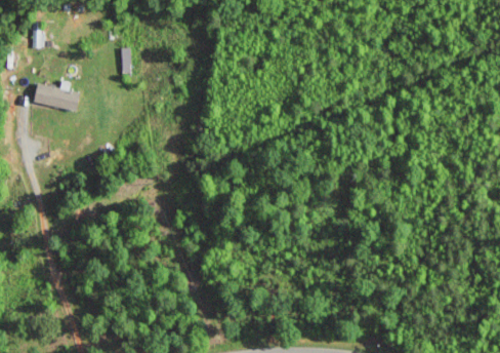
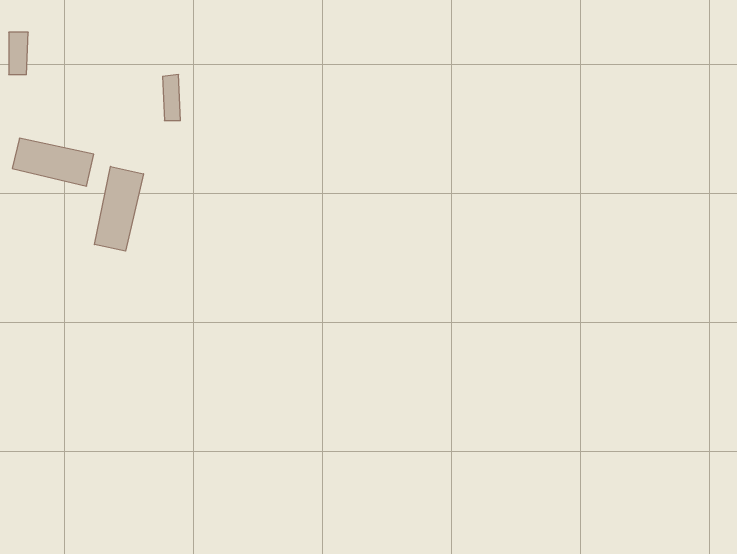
building: none -> [94,166,143,251]

